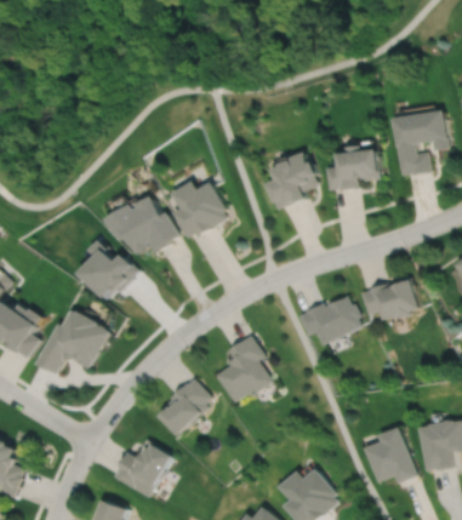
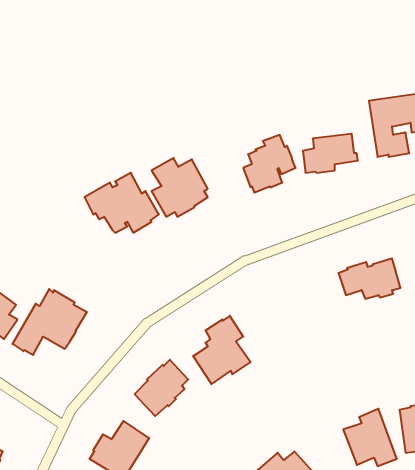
building: [81,239,139,296] -> none
building: [297,295,360,344] -> none

